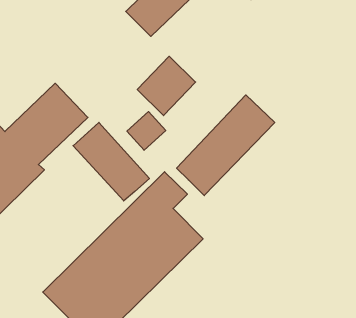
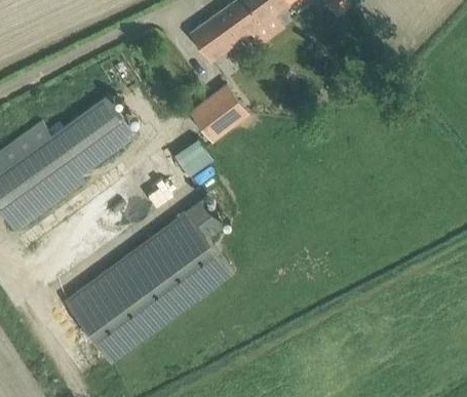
building: [177,95,275,196] -> none
building: [73,122,149,201] -> none

